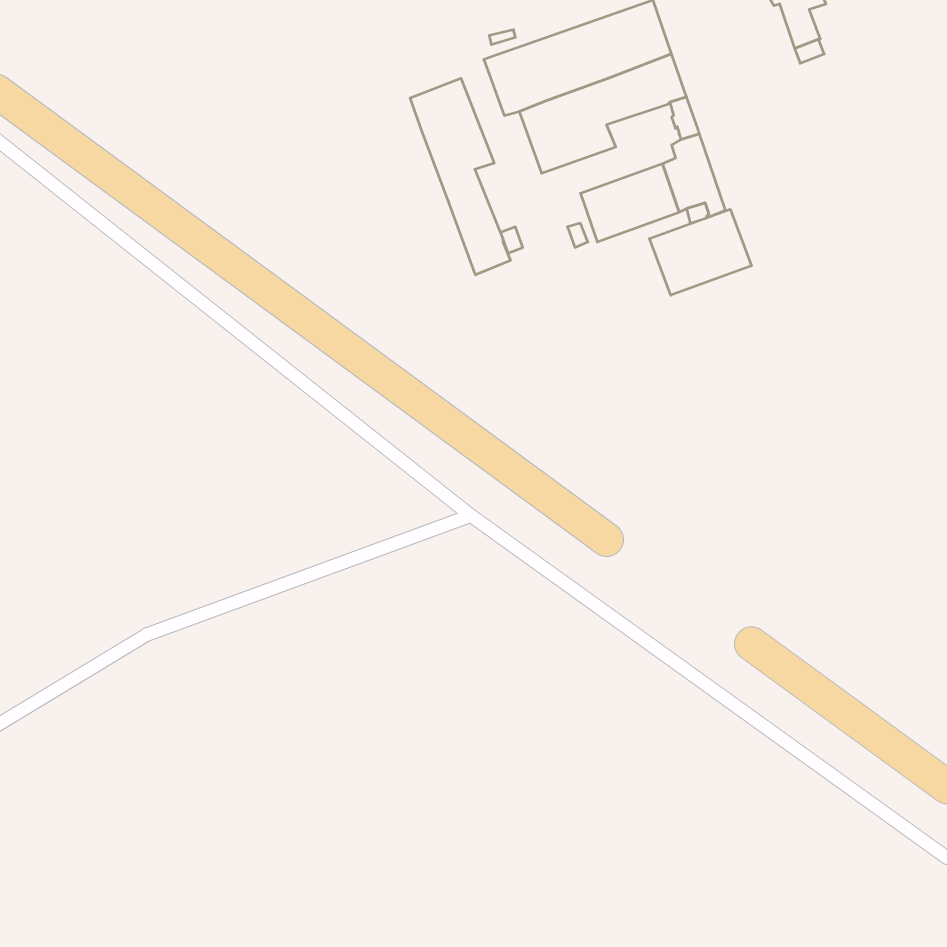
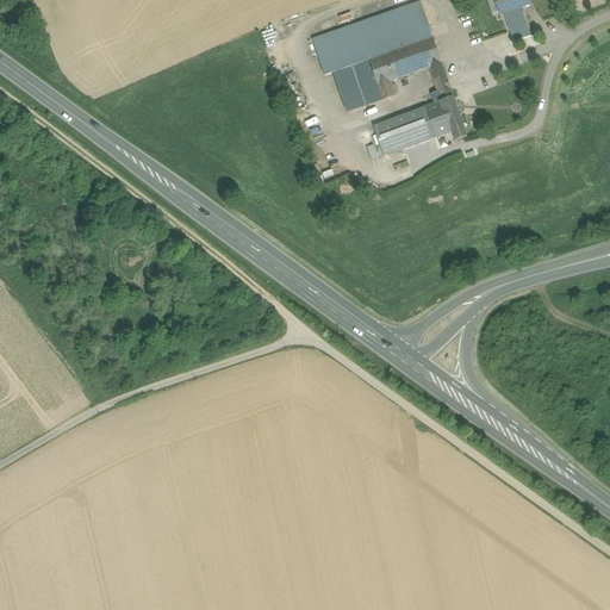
building: [410,78,510,275] -> none
building: [649,209,751,295] -> none

